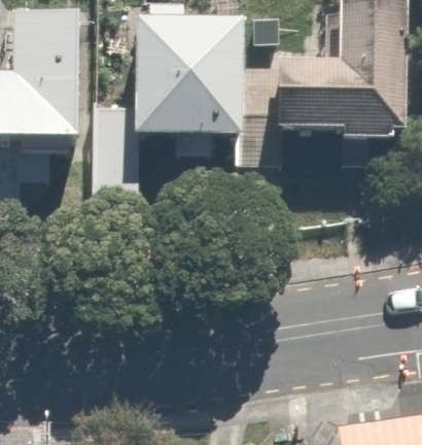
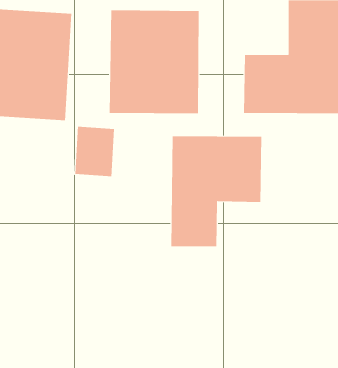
building: none -> [171,135,262,247]

